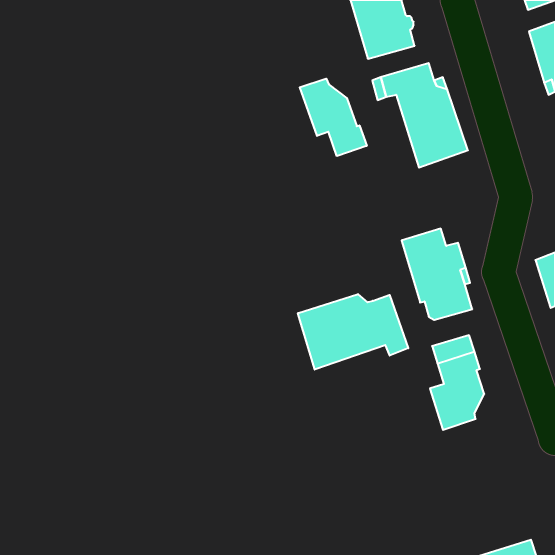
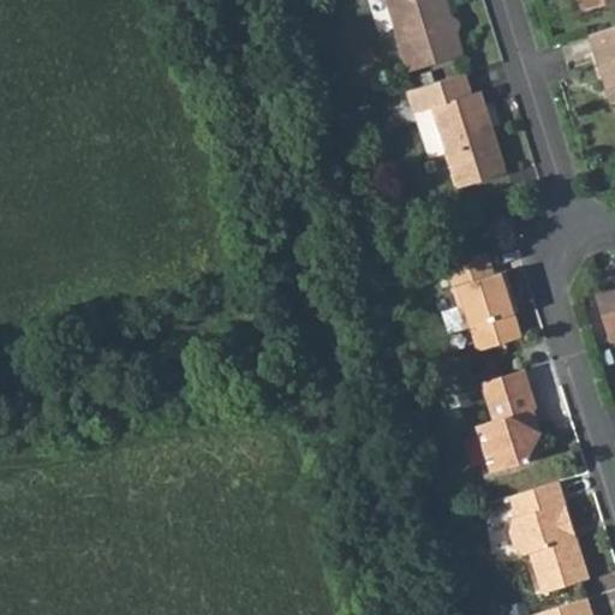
building: [300,79,367,156] -> none
building: [298,294,408,370] -> none
building: none -> [512,480,590,593]

